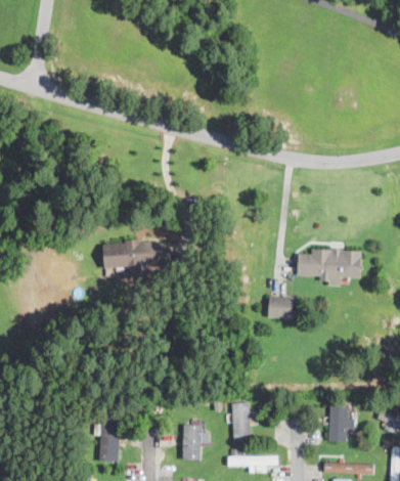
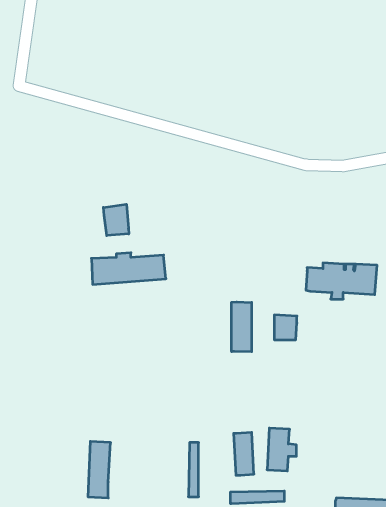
building: none -> [103,204,129,236]
building: none -> [232,302,252,352]
building: [328,403,355,442] -> [267,428,296,471]

